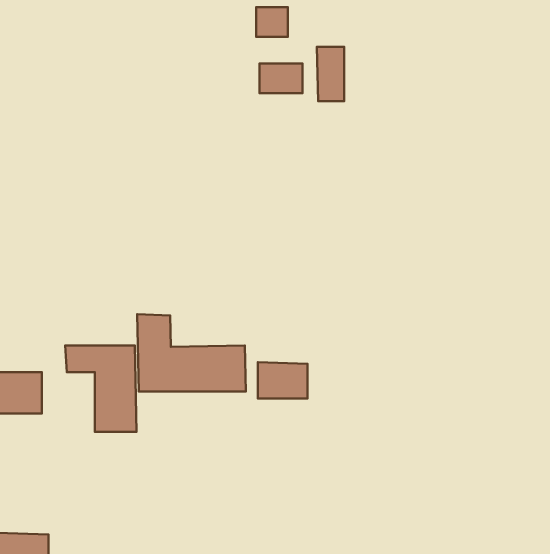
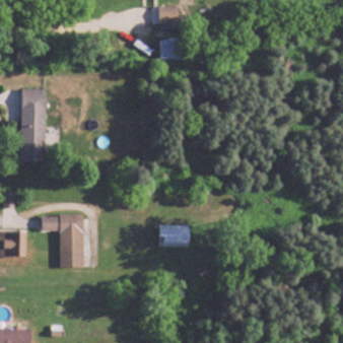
building: [317,47,344,101] -> none
building: none -> [21,89,46,162]
building: [137,314,246,392] -> none

